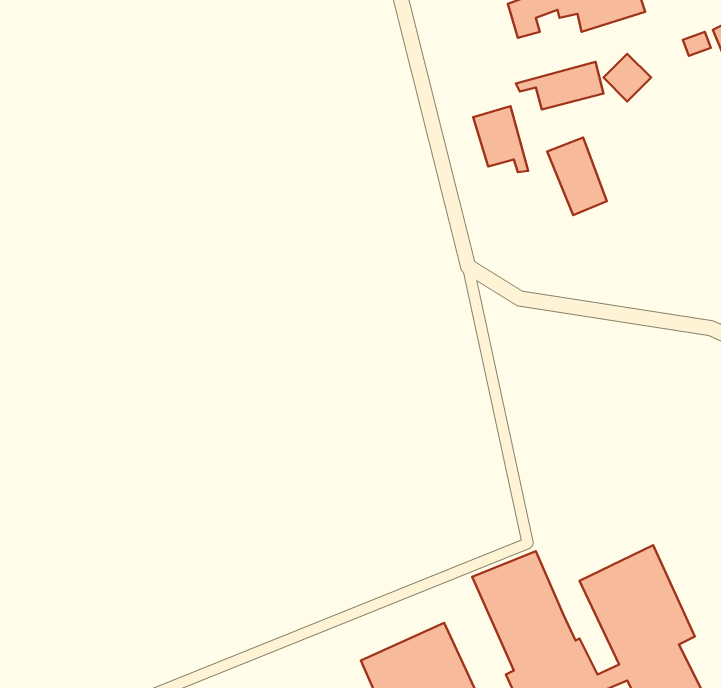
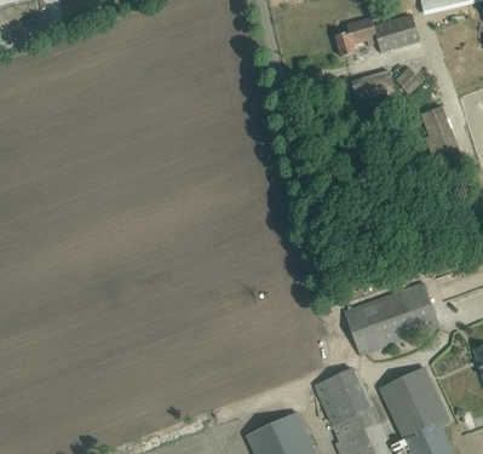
building: [473,106,528,172] -> none
building: [547,138,607,215] -> [419,105,455,153]
building: none -> [344,282,438,355]

